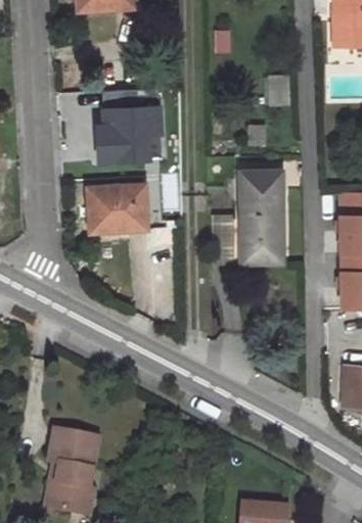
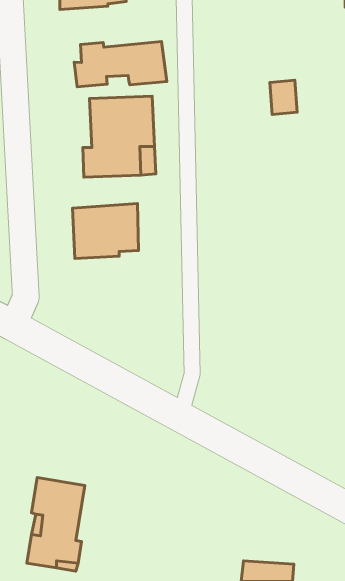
building: none -> [74,41,167,87]
building: [239,172,282,262] -> none

